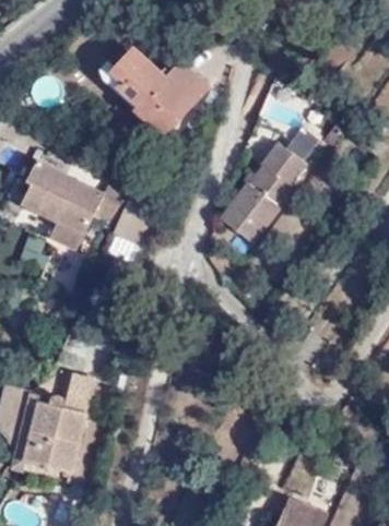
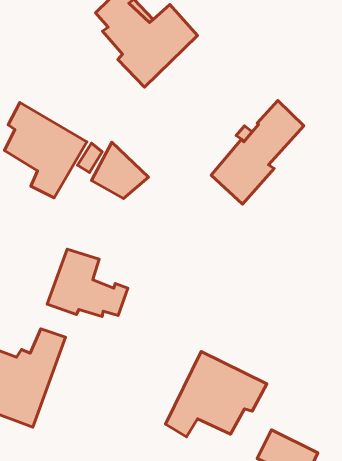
building: none -> [47,249,128,317]
building: none -> [165,352,267,437]

